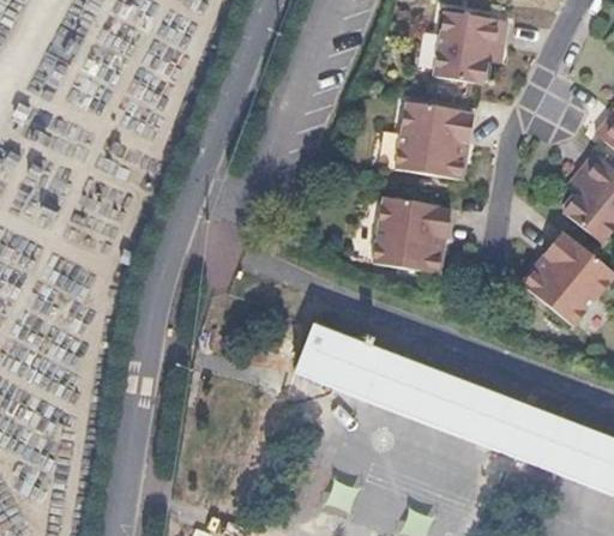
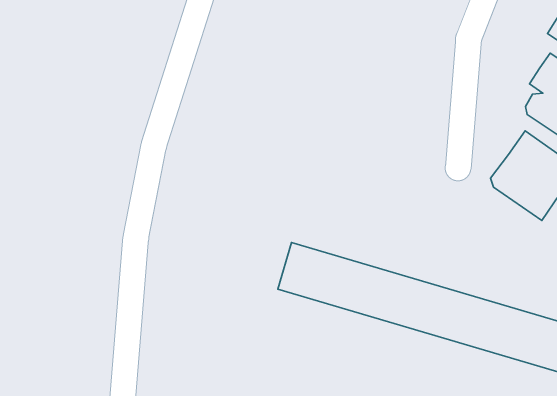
building: [395,100,472,174] -> none
building: [371,194,447,270] -> none

